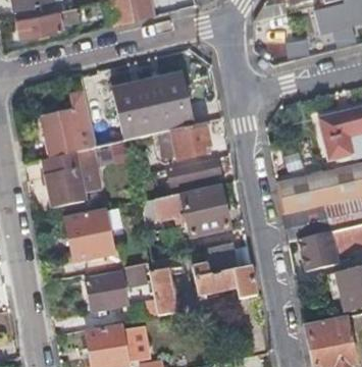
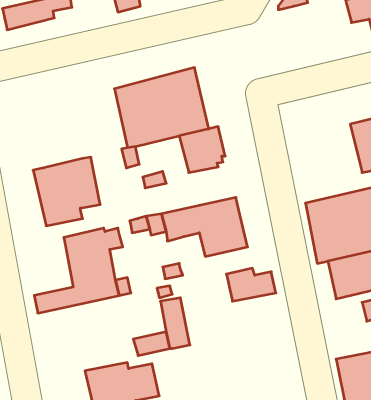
building: [42,92,97,157] -> none
building: [168,158,222,190] -> none
building: [194,262,257,297] -> none
building: [86,274,123,314] -> none

